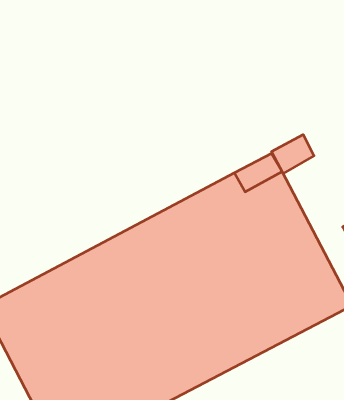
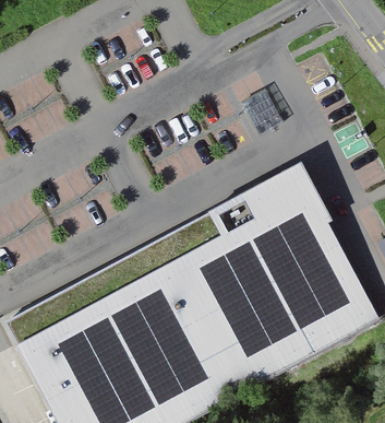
building: [272,135,314,174] -> none

